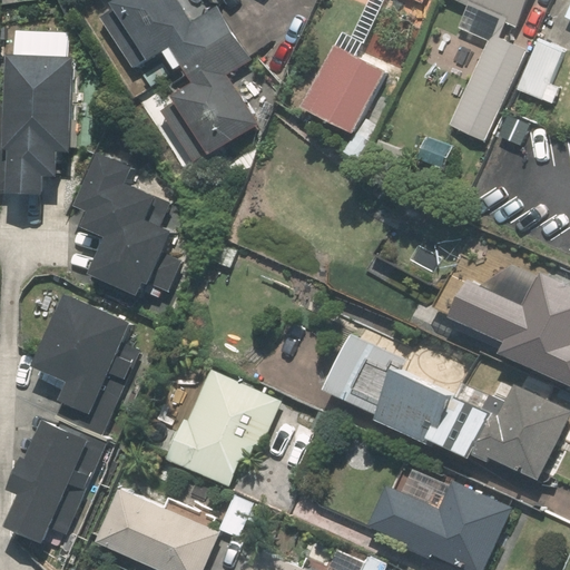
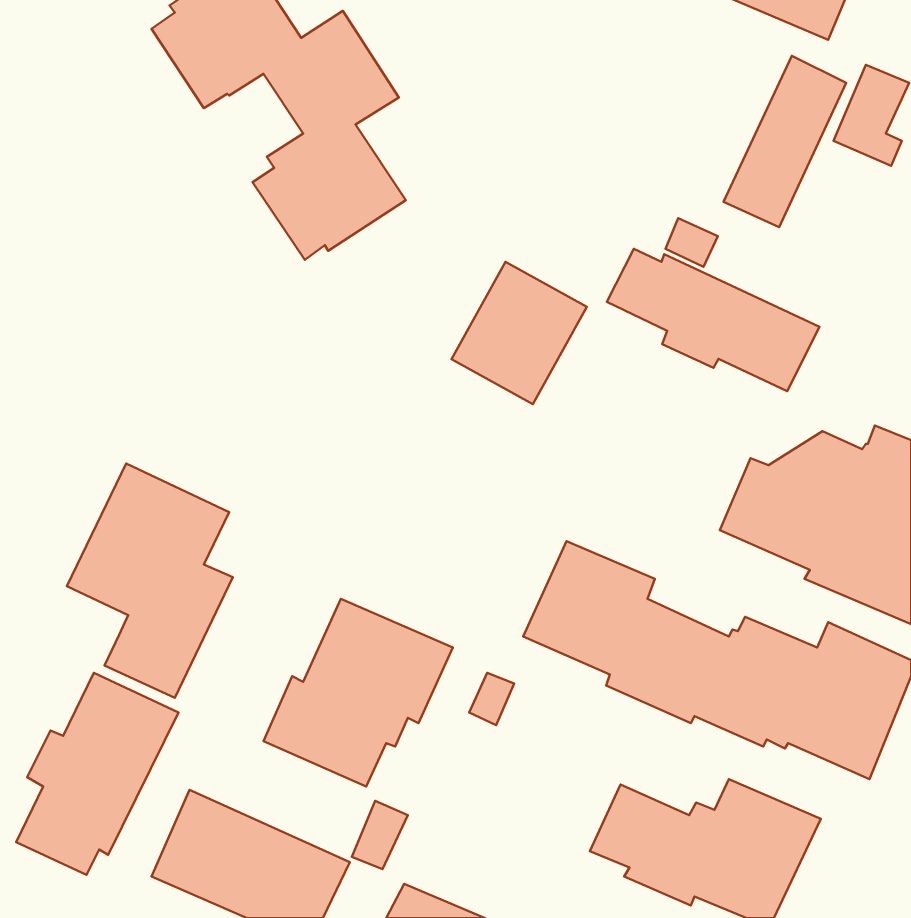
building: [296,45,380,132] -> [451,262,587,404]
building: [11,47,86,191] -> none
building: [88,145,184,291] -> none
building: none -> [607,249,820,391]

